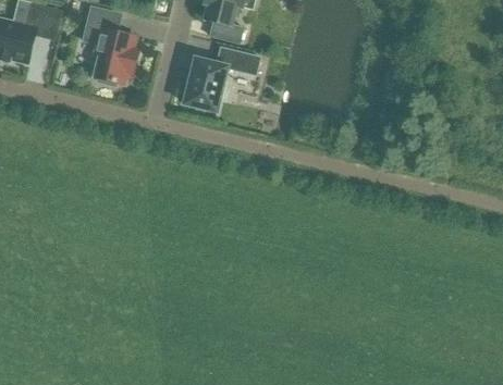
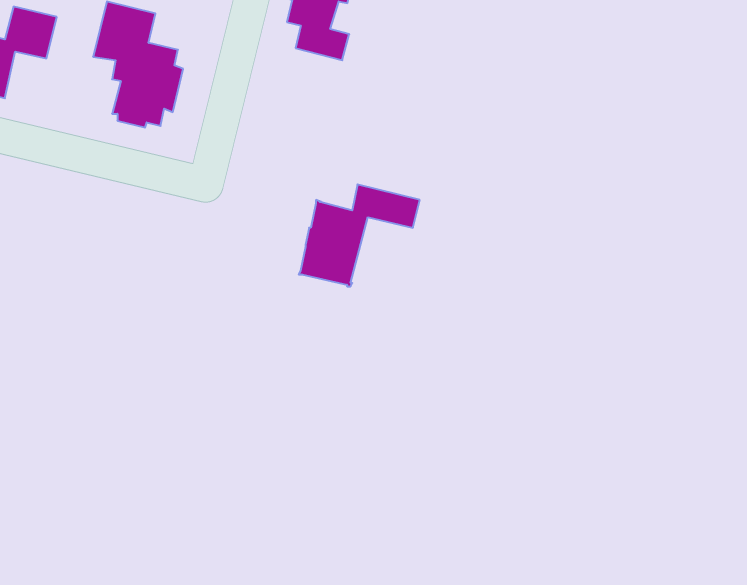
building: [183,46,259,110] -> [299,184,420,286]

